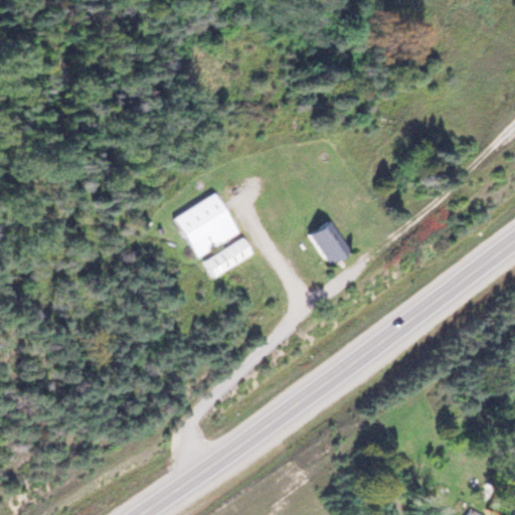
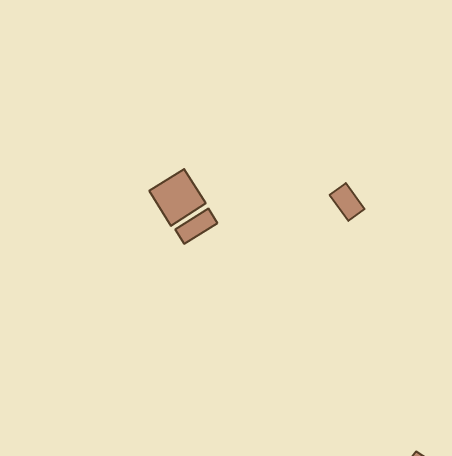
building: [311,221,350,264] -> [330,183,365,221]

